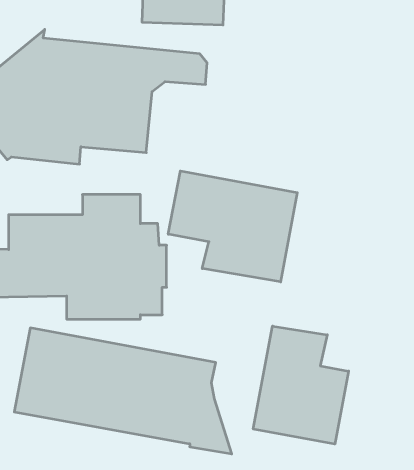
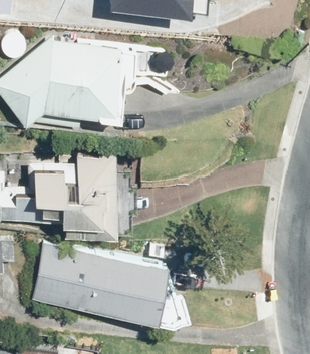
building: [168,171,297,282] -> none
building: [253,326,349,444] -> none

